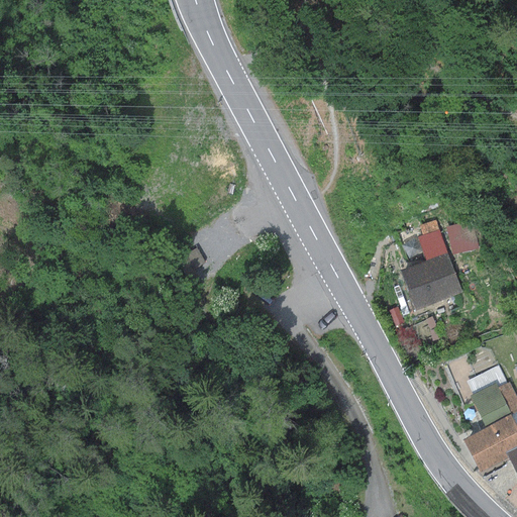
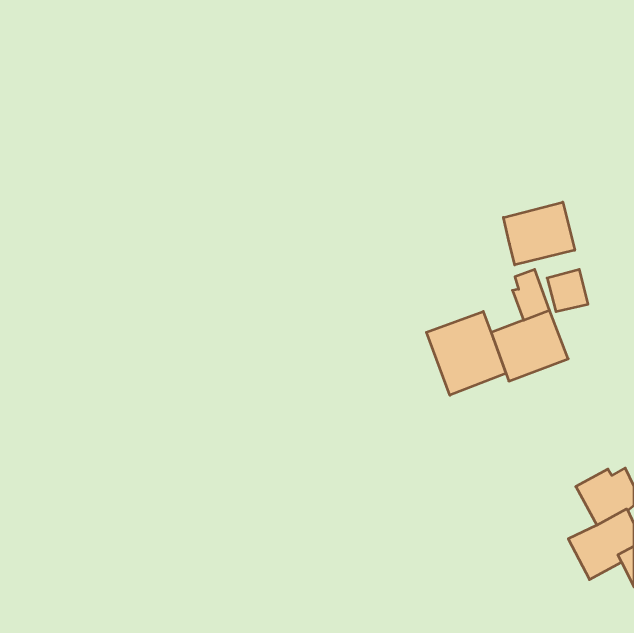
building: none -> [503,202,575,265]
building: none -> [426,311,506,395]

